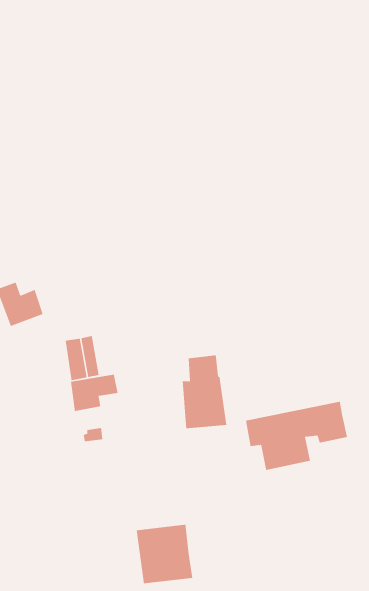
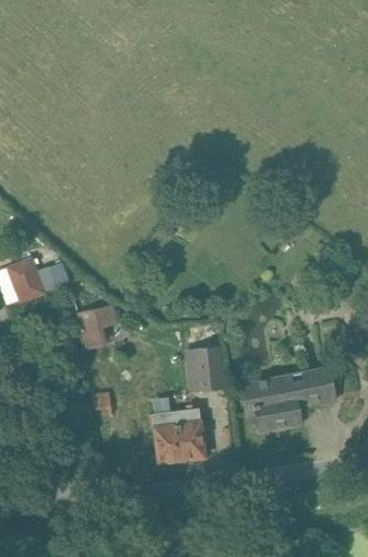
building: [61,374,118,412] -> none
building: [136,524,193,584] -> [153,408,205,463]

